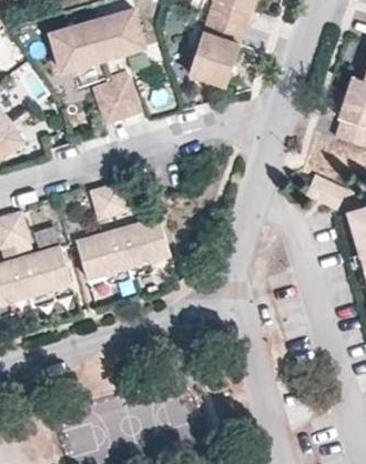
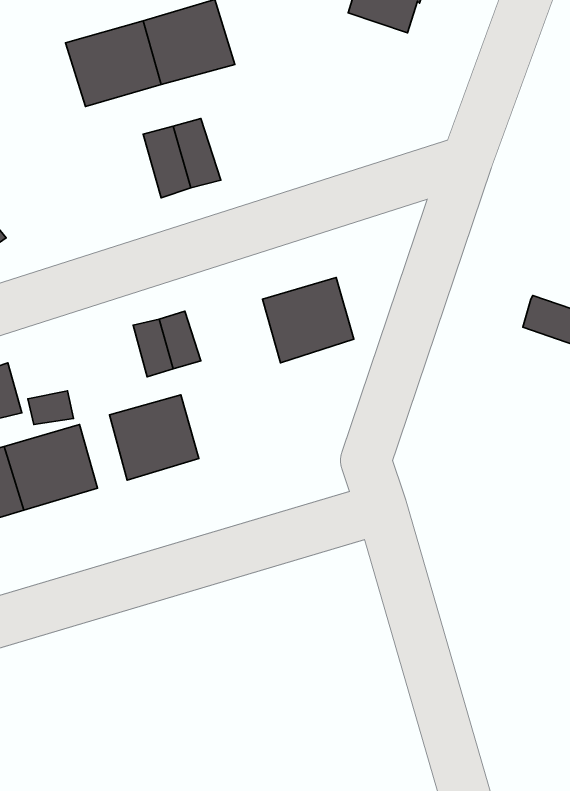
building: [191,17,244,85] -> none
building: [118,218,169,265] -> [263,277,354,363]

